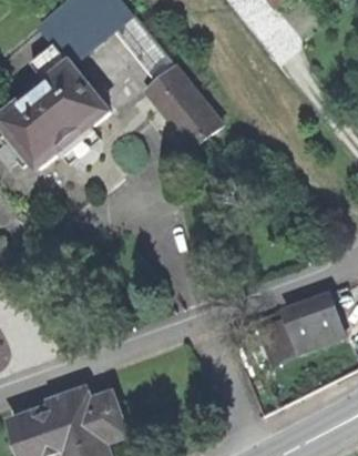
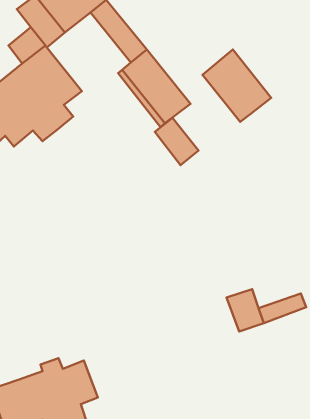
building: none -> [202,50,271,122]
building: none -> [155,118,199,165]
building: [282,291,336,337] -> none

